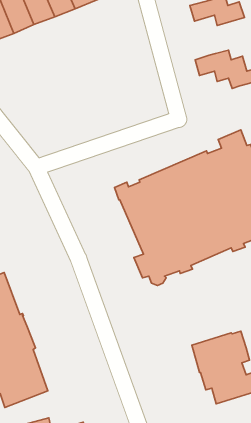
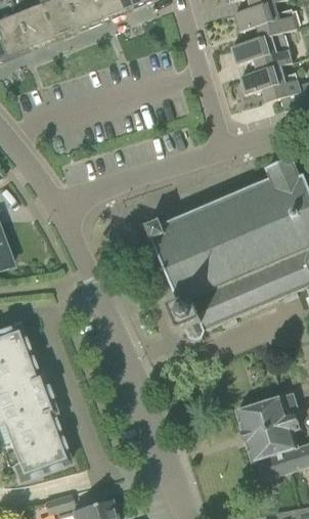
building: none -> [233,27,300,69]

